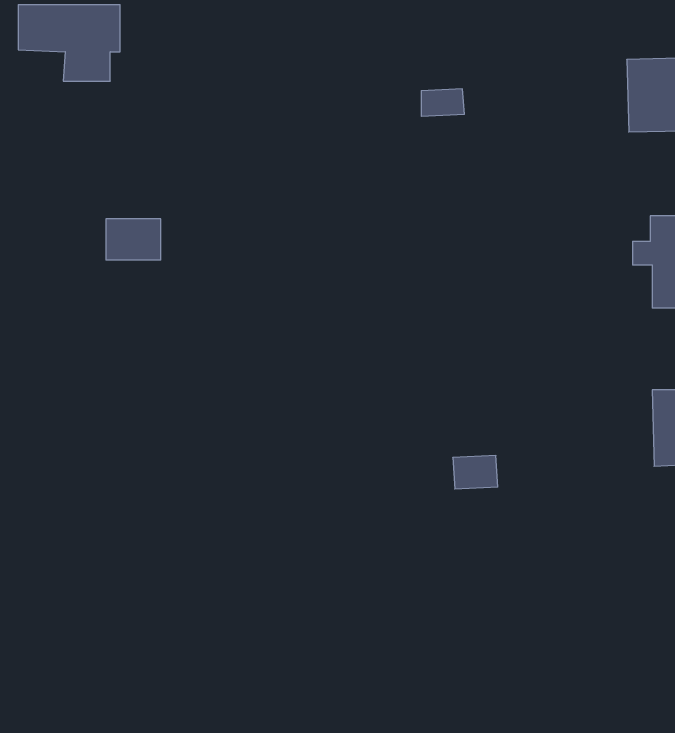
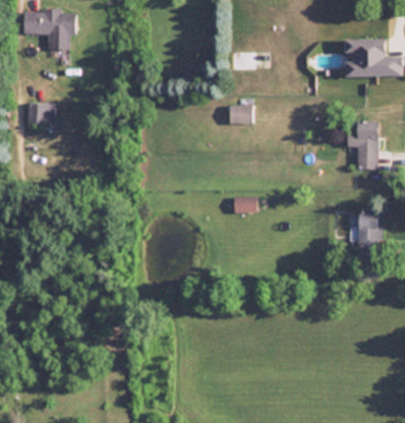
building: none -> [231,105,254,123]
building: [106,219,161,260] -> [27,104,56,125]
building: [453,456,498,489] -> [231,194,254,212]

